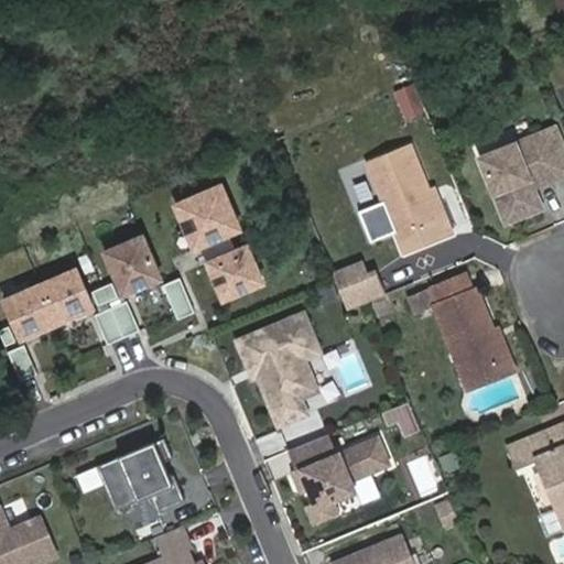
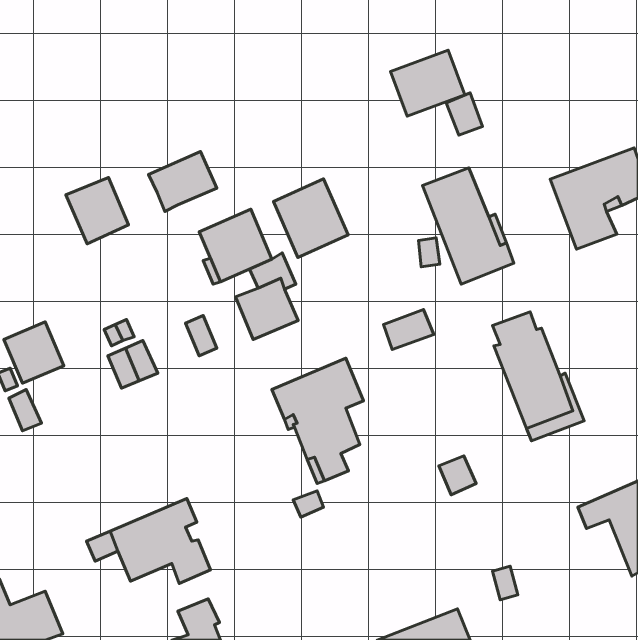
building: none -> [390,50,465,116]
building: none -> [149,151,217,211]
building: none -> [273,179,348,258]
building: [105,236,160,294] -> [66,177,128,244]
building: [40,268,93,322] -> none
building: [290,435,389,523] -> none

